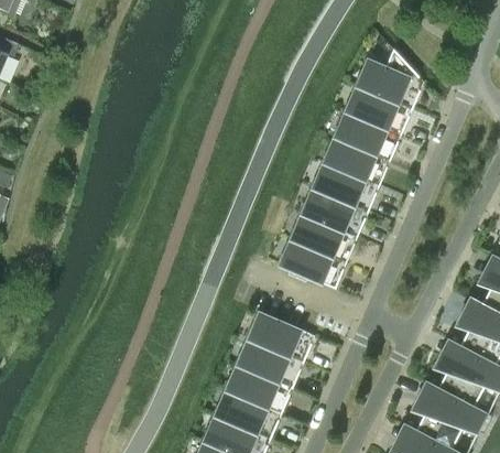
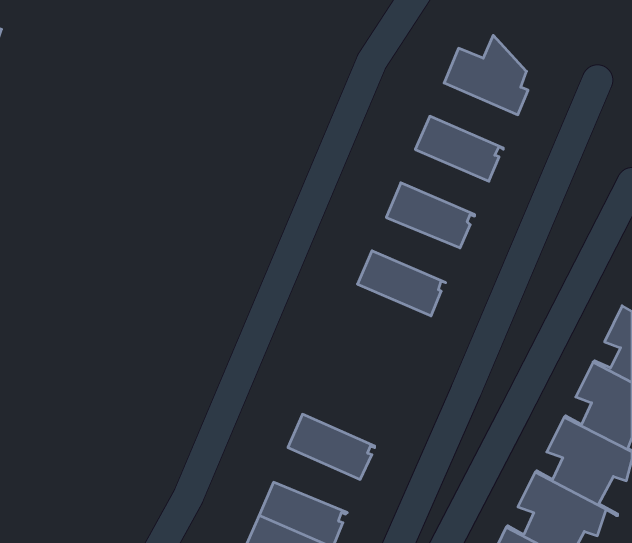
building: [344,86,411,136] -> none
building: [322,137,389,186] -> none
building: [300,188,367,238] -> none
building: [278,239,345,290] -> none
building: [247,312,311,363] -> none
building: [225,364,291,413] -> none

